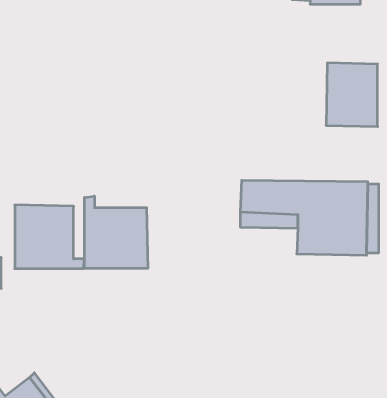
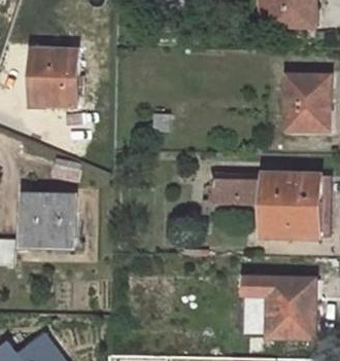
building: none -> [30,49,76,104]
building: [85,196,148,268] -> none
building: none -> [242,276,315,336]

